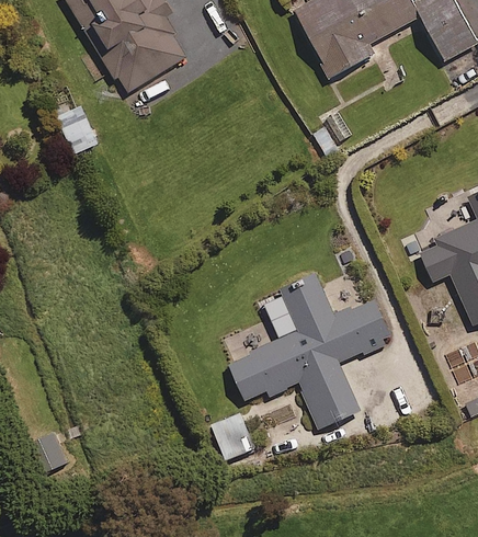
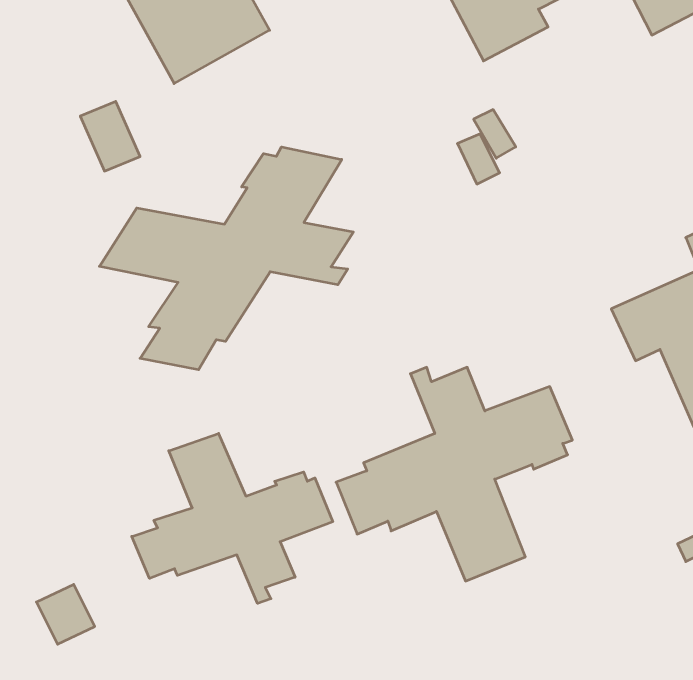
building: none -> [99,147,353,370]
building: none -> [132,433,333,603]
building: [212,413,253,459] -> none

